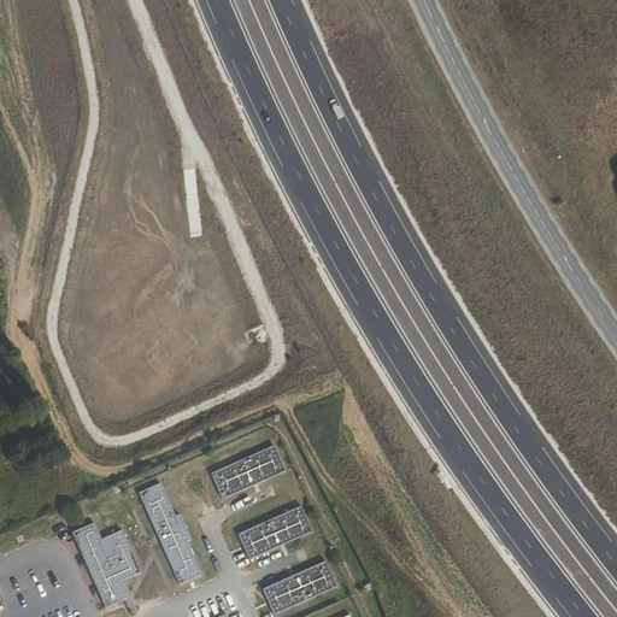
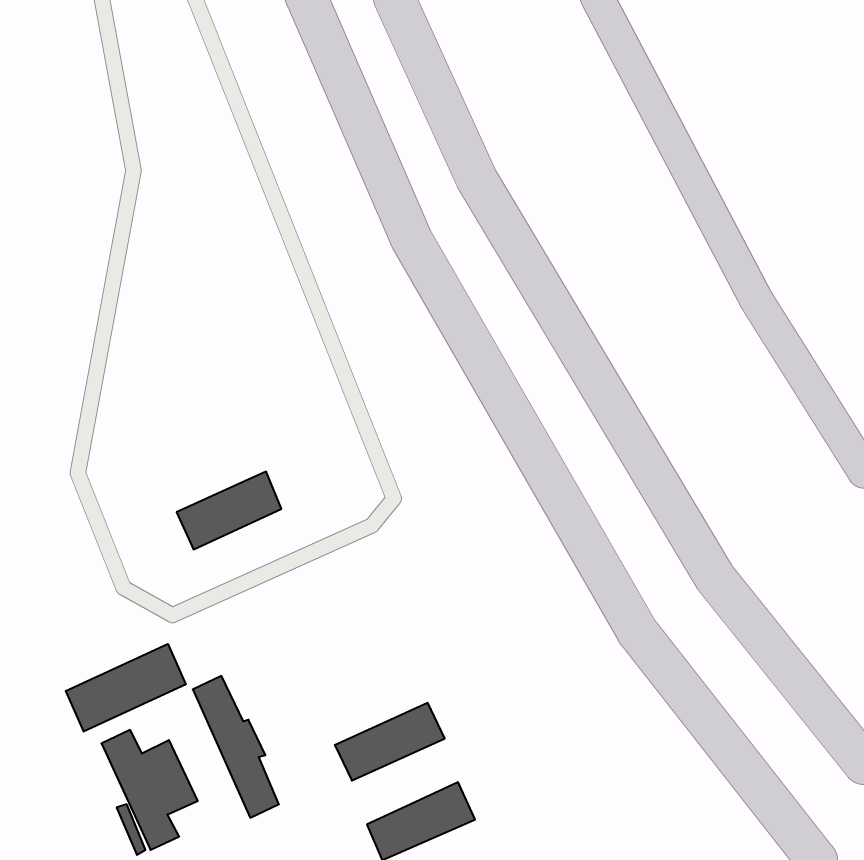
building: [210,443,284,499] -> [177,472,281,549]
building: none -> [66,644,186,732]

